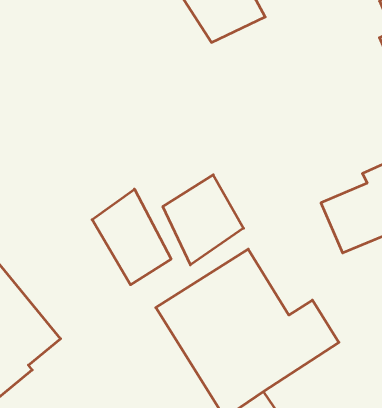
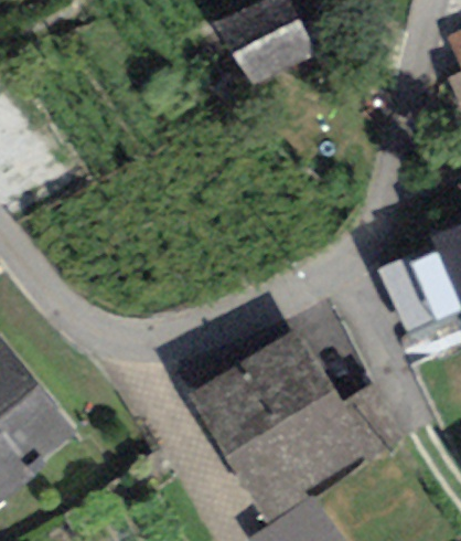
building: [163,175,244,265] -> none
building: [92,189,171,285] -> none

